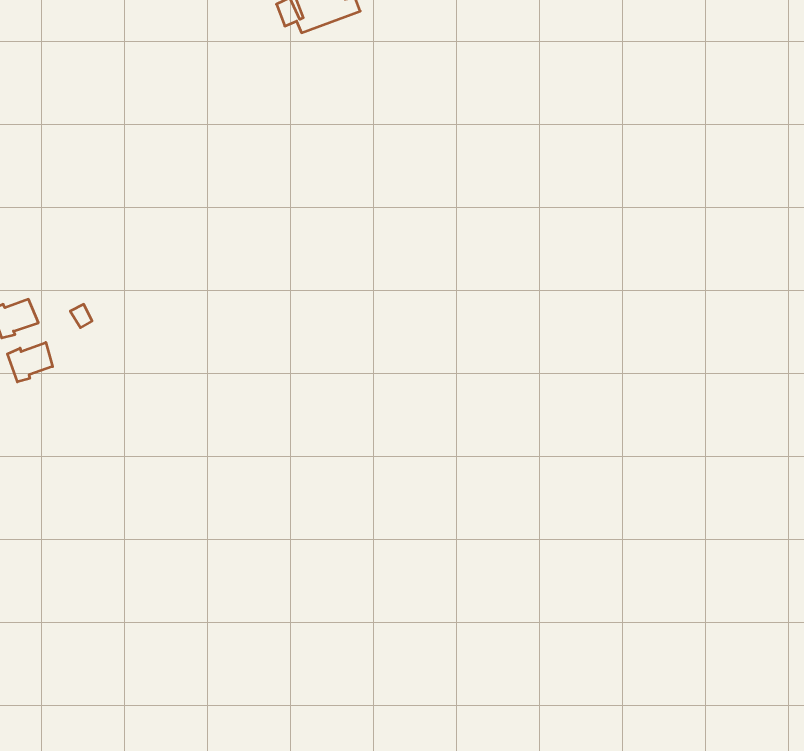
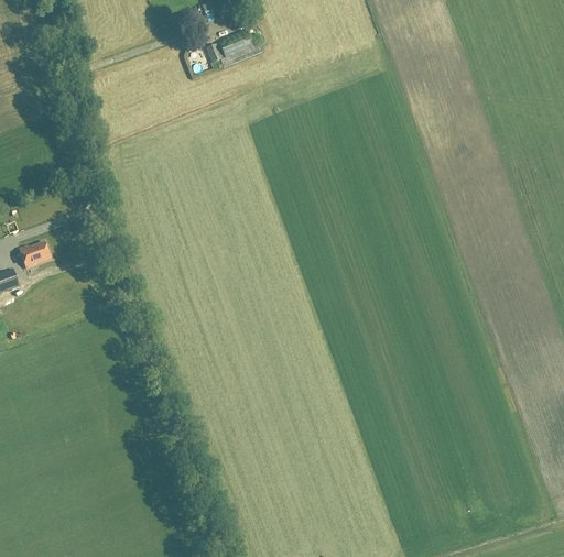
building: [7,342,53,382] -> none

